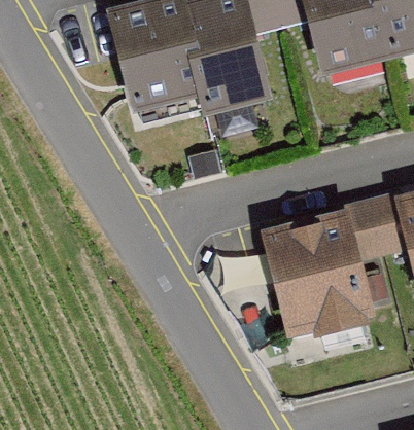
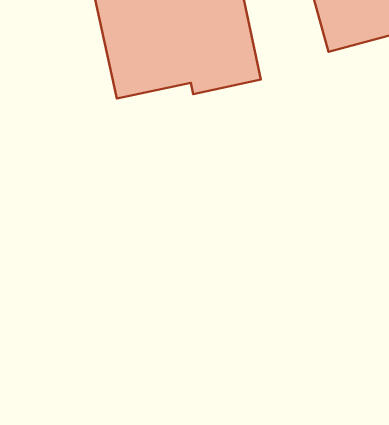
building: [270,217,375,342] -> none

